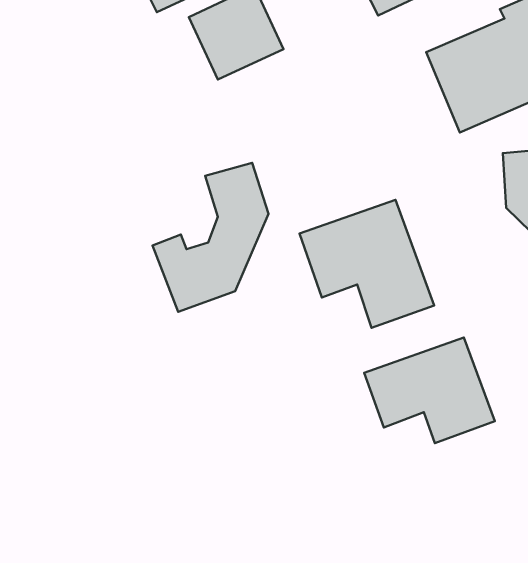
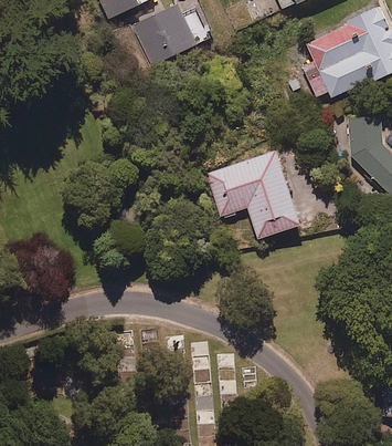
building: [153,163,269,312] -> none
building: [364,337,495,443] -> none

